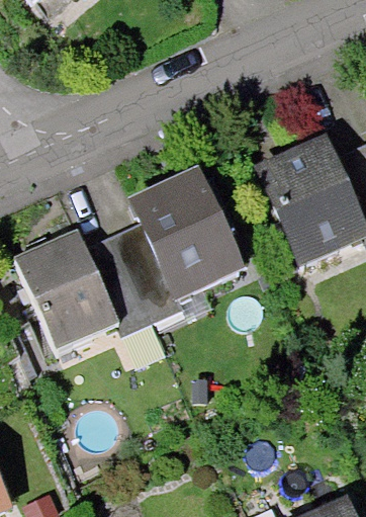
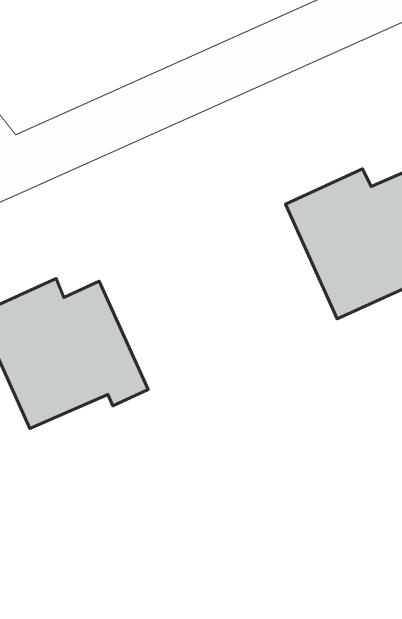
building: [111,177,237,320] -> none

